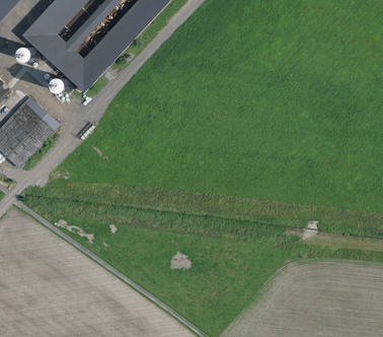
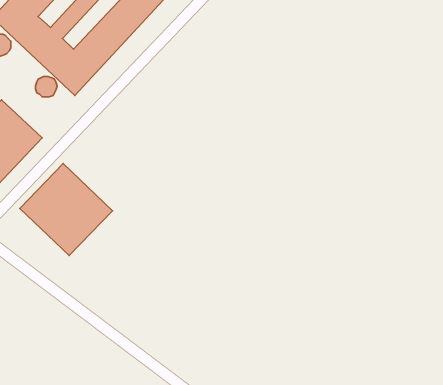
building: none -> [20,164,113,255]

